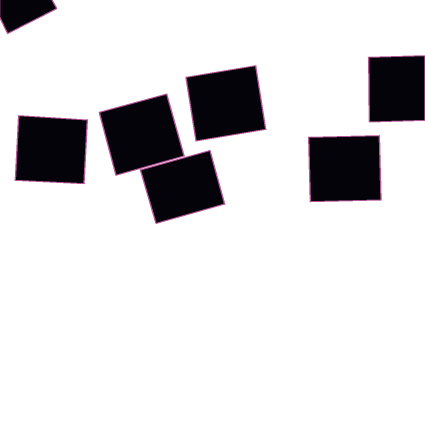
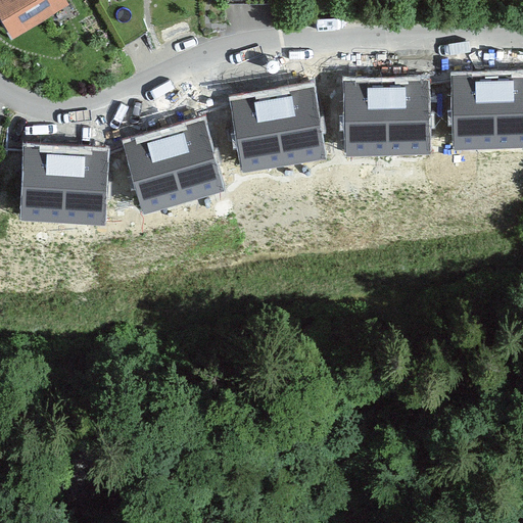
building: [309,136,381,202] -> [342,75,431,155]
building: [141,150,225,223] -> none

